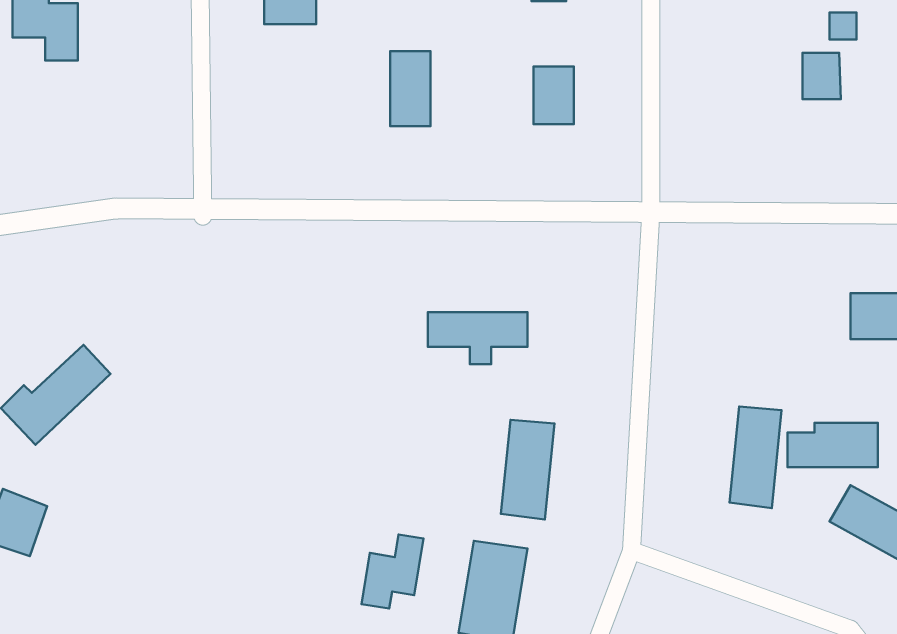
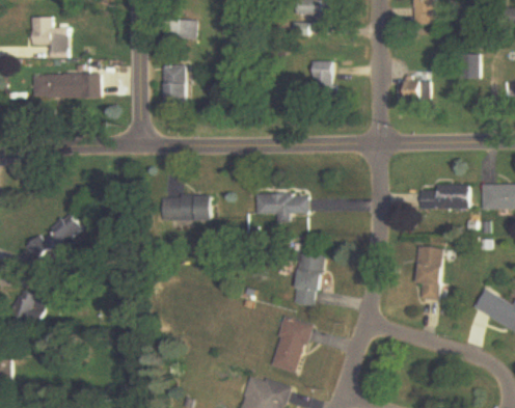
building: [390,51,431,126] -> [162,65,184,106]
building: none -> [30,74,98,99]
building: none -> [398,81,424,103]
building: none -> [162,195,210,220]
building: [788,423,878,467] -> [421,185,469,209]
building: [361,534,423,609] -> none

